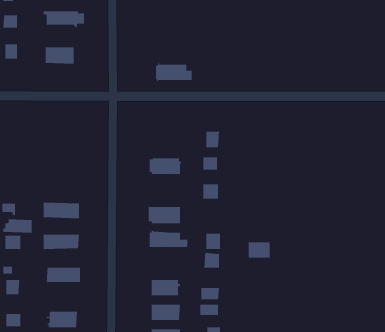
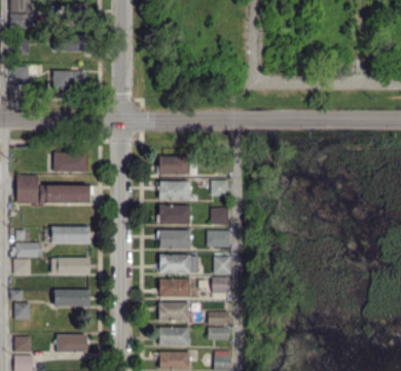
building: [155,62,192,82] -> [158,155,195,175]
building: none -> [54,151,85,171]
building: none -> [17,176,89,207]
building: none -> [157,205,191,224]
building: [248,242,270,258] -> [208,230,230,247]
building: none -> [160,280,190,296]

